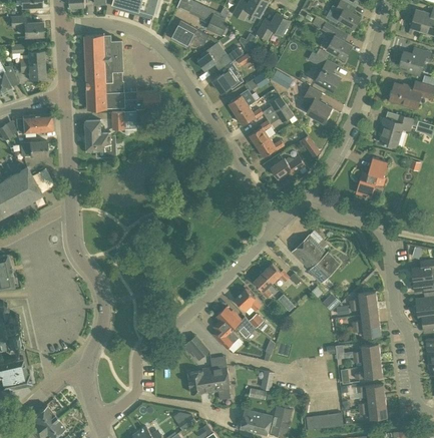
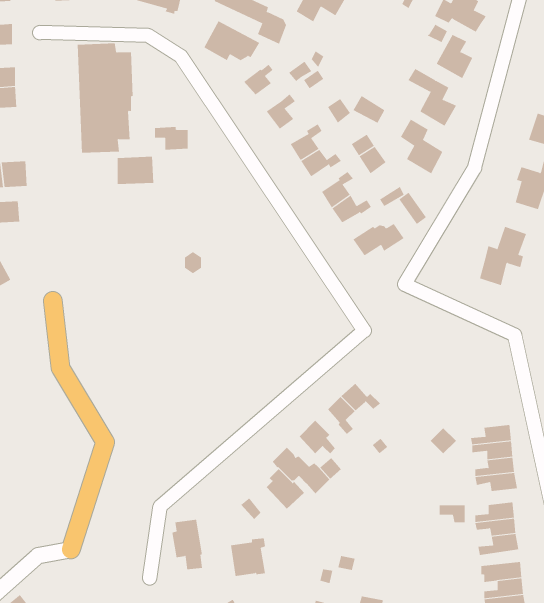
building: [256,13,290,40] -> none
building: [85,120,116,158] -> none
building: [292,229,340,284] -> none
building: [209,366,231,400] -> [171,519,203,570]

